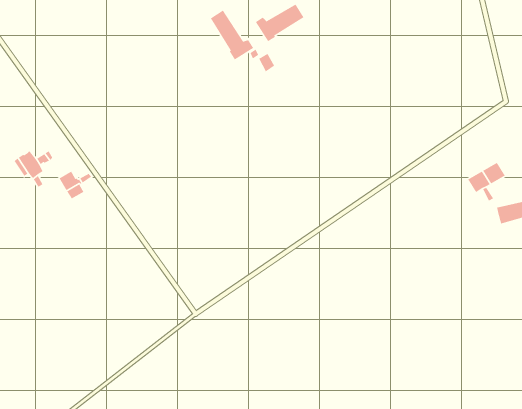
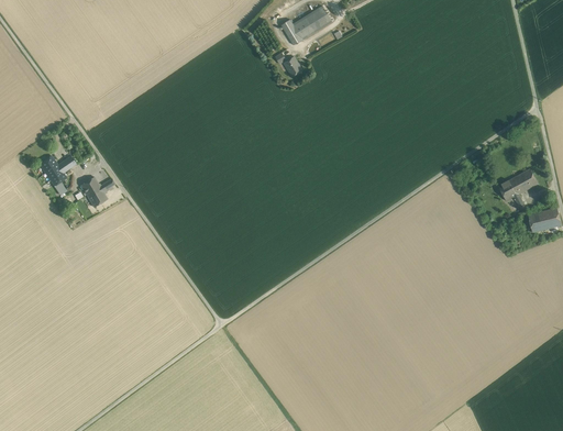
building: [210,10,254,60] -> none

